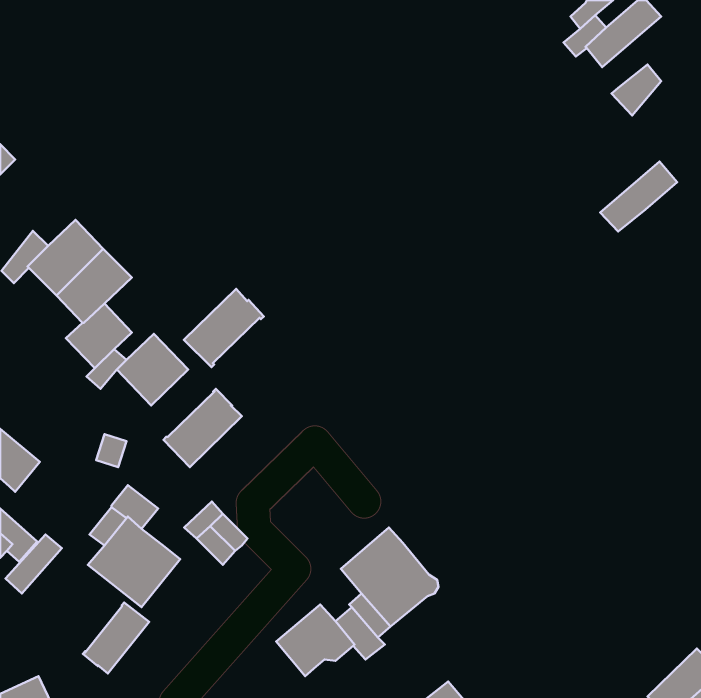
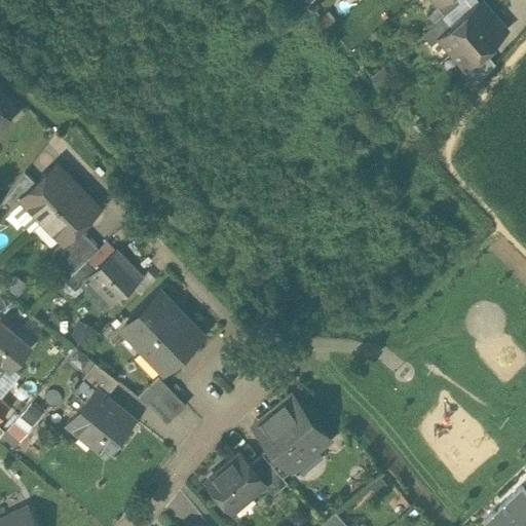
building: [600,162,677,232] -> [451,15,509,68]
building: [184,289,264,367] -> [143,314,202,373]
building: [83,602,149,673] -> none

